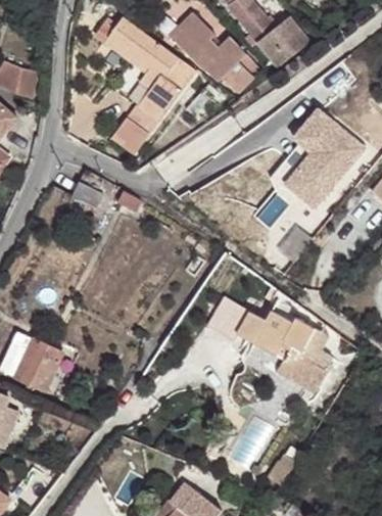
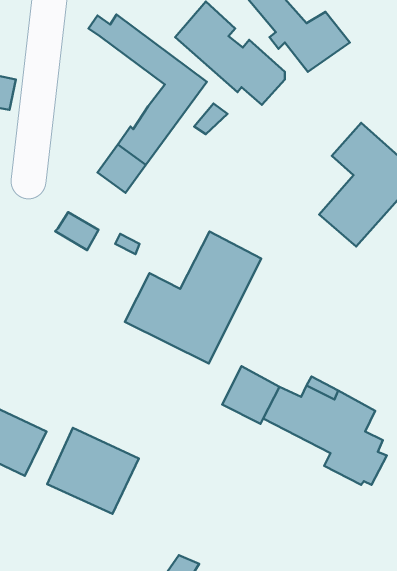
building: [101,36,160,92] -> none
building: none -> [125,232,261,364]
building: none -> [47,428,139,514]

